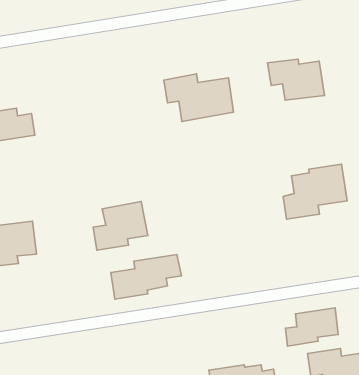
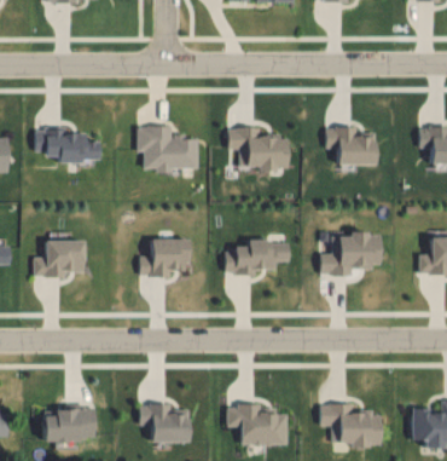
building: none -> [137,125,197,169]
building: [111,254,181,299] -> [225,240,290,272]
building: [285,308,338,346] -> none

